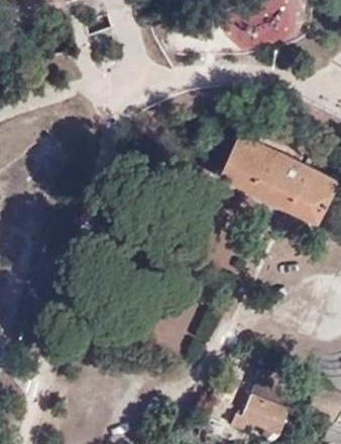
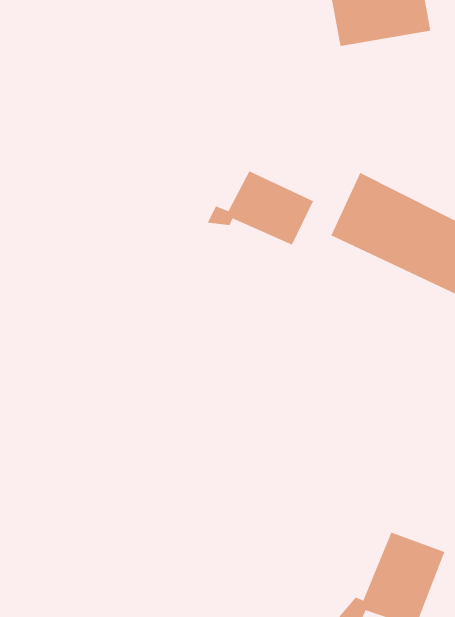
building: none -> [207,170,314,246]

